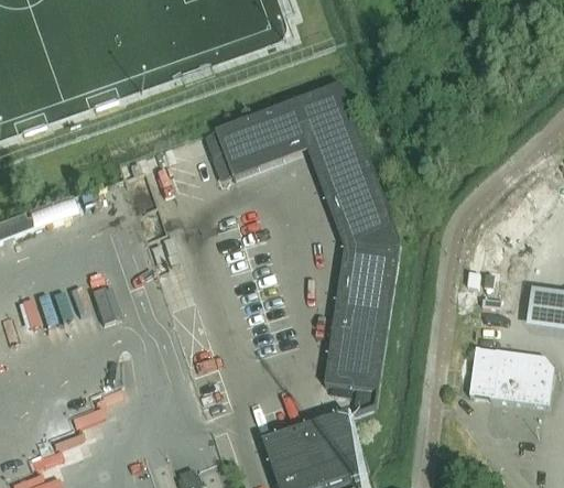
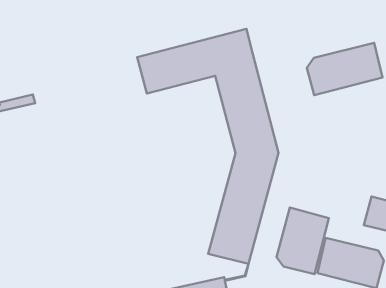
building: none -> [307,43,382,95]
building: none -> [276,207,329,274]

